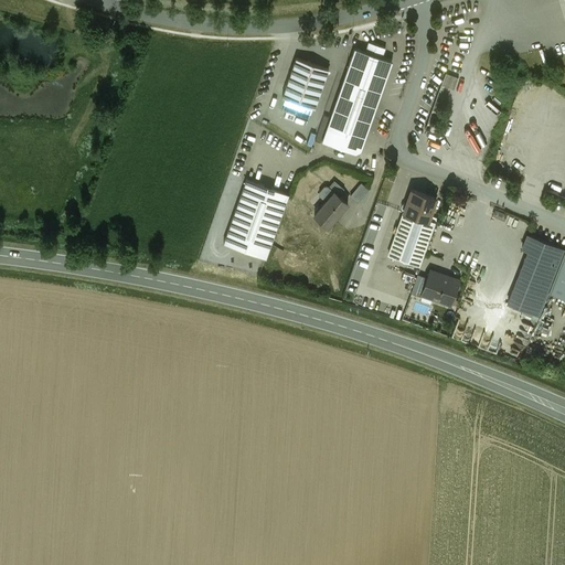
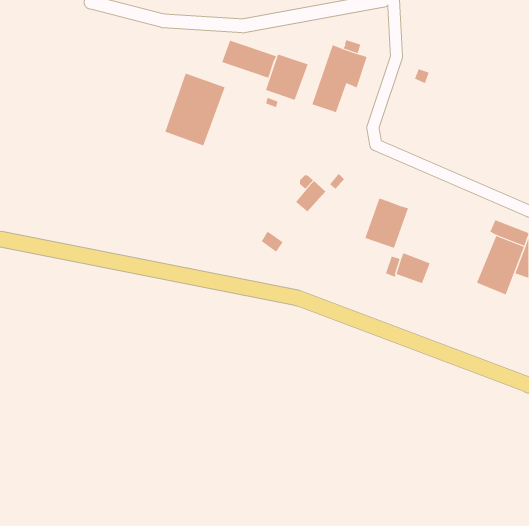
building: none -> [221,40,277,79]
building: [326,93,381,145] -> none
building: [224,182,289,260] -> [164,73,225,146]
building: [401,192,436,223] -> none

